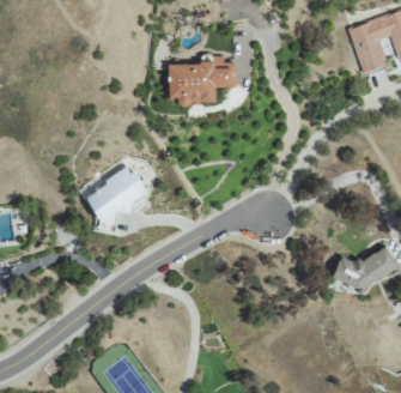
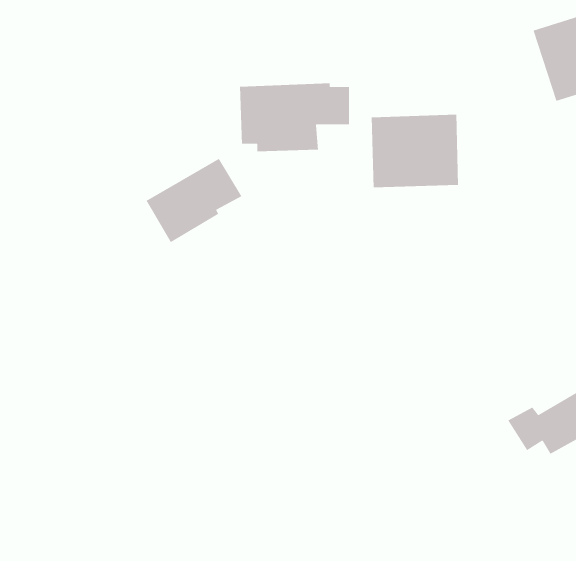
building: none -> [371,114,459,188]
building: [86,168,146,220] -> [145,158,243,243]

